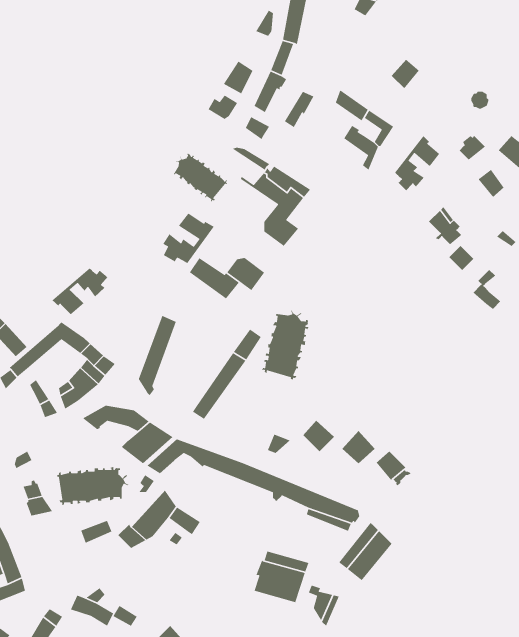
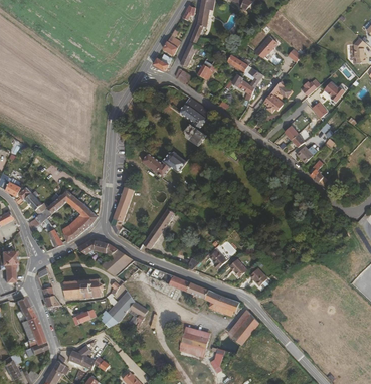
building: [173,152,228,203] -> none
building: [162,212,215,264] -> none
building: [52,267,109,315] -> none
building: [261,309,310,380] -> none

